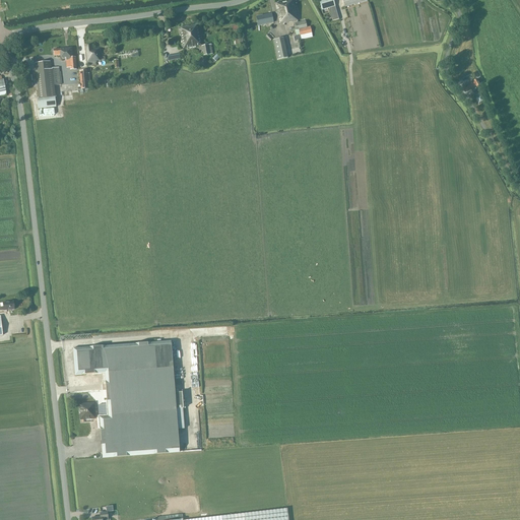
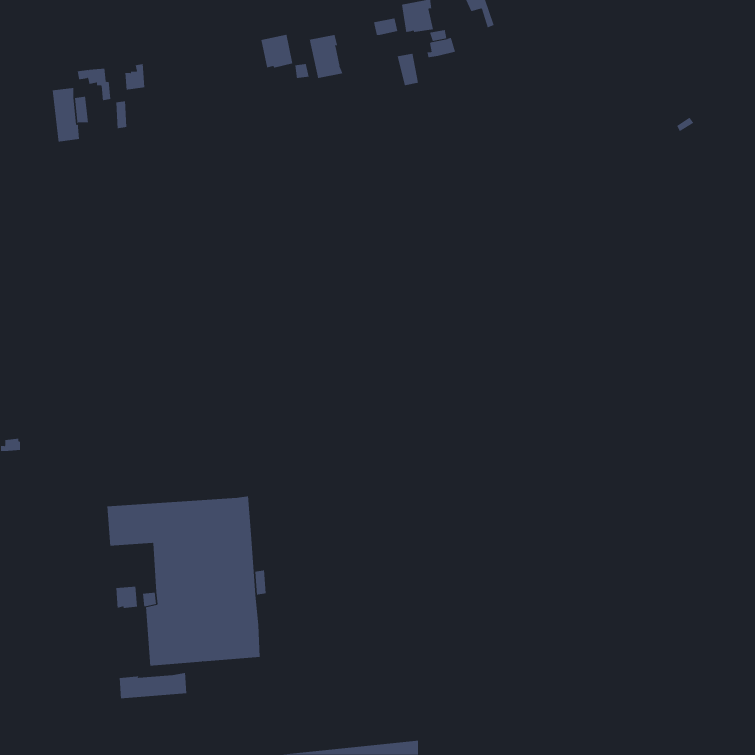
building: none -> [309,34,343,79]
building: none -> [119,672,187,699]

